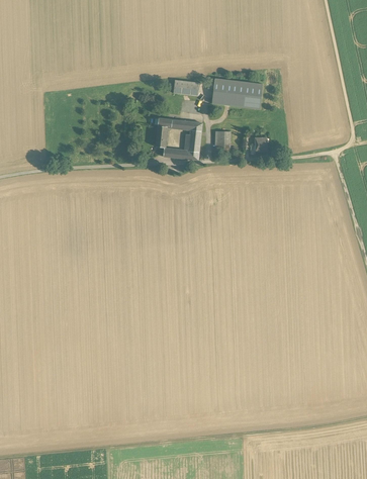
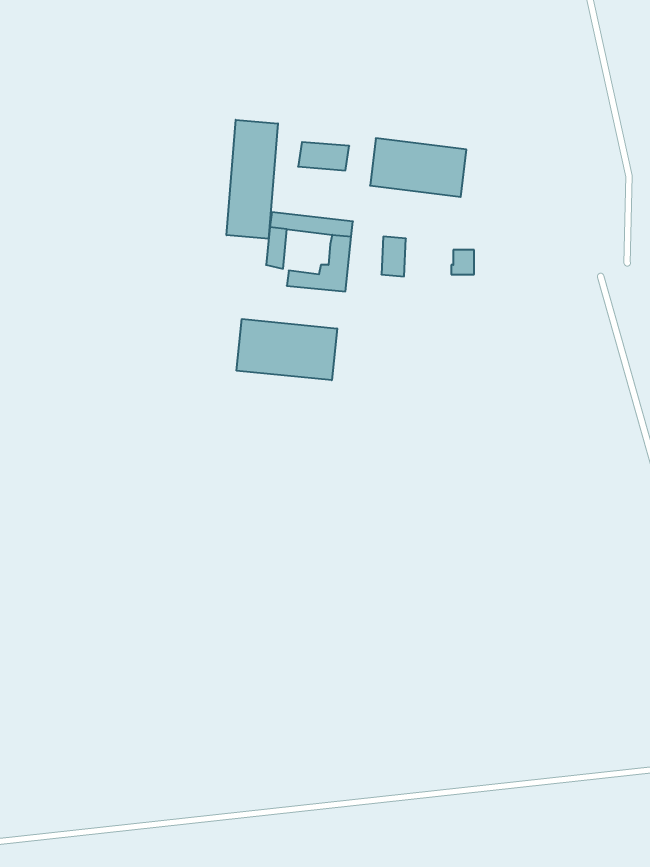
building: none -> [227,120,278,239]
building: none -> [237,319,337,380]

